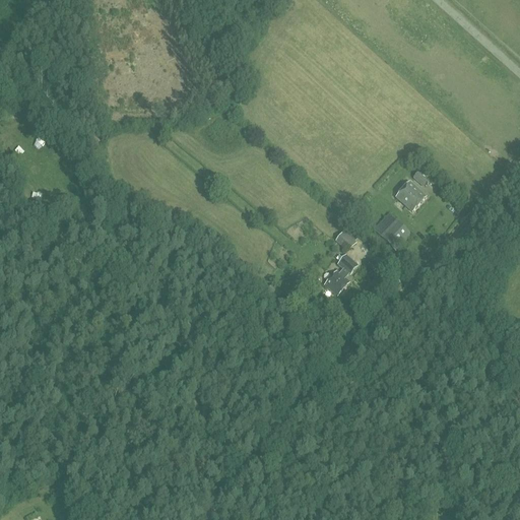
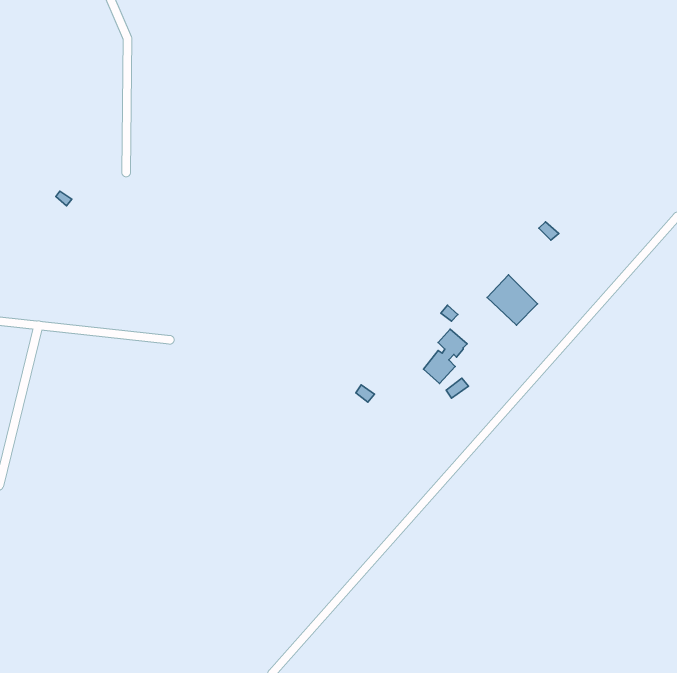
building: [395,180,426,210] -> none

